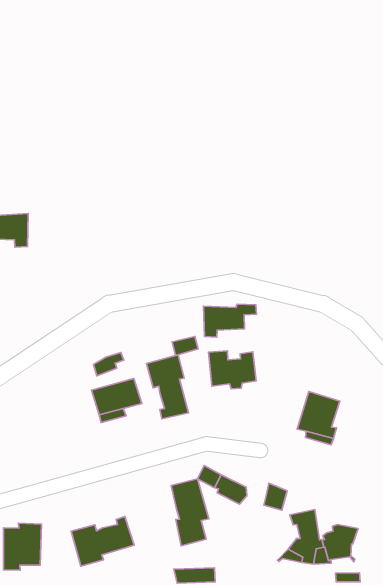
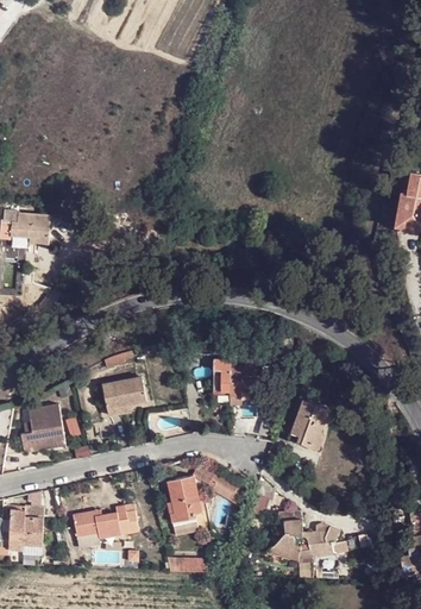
building: [204,304,257,337] -> none
building: [147,355,188,419] -> none
building: none -> [20,400,64,448]

